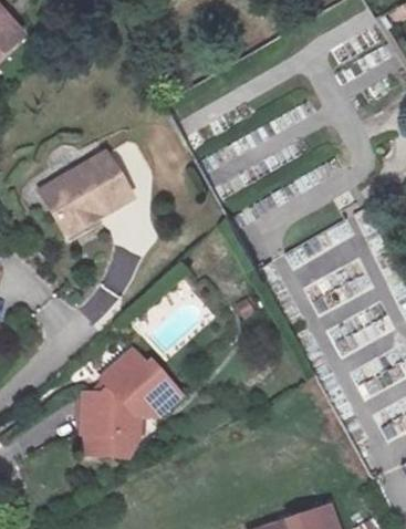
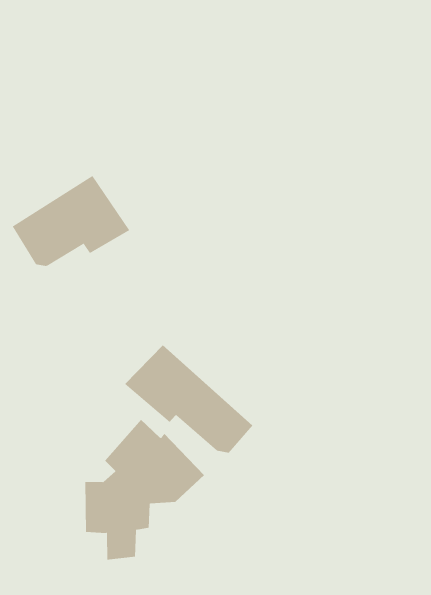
building: none -> [124,344,253,454]

